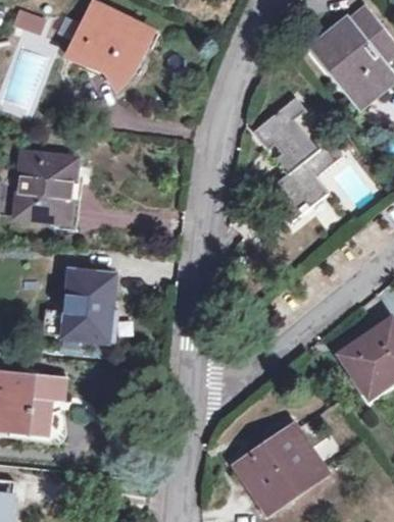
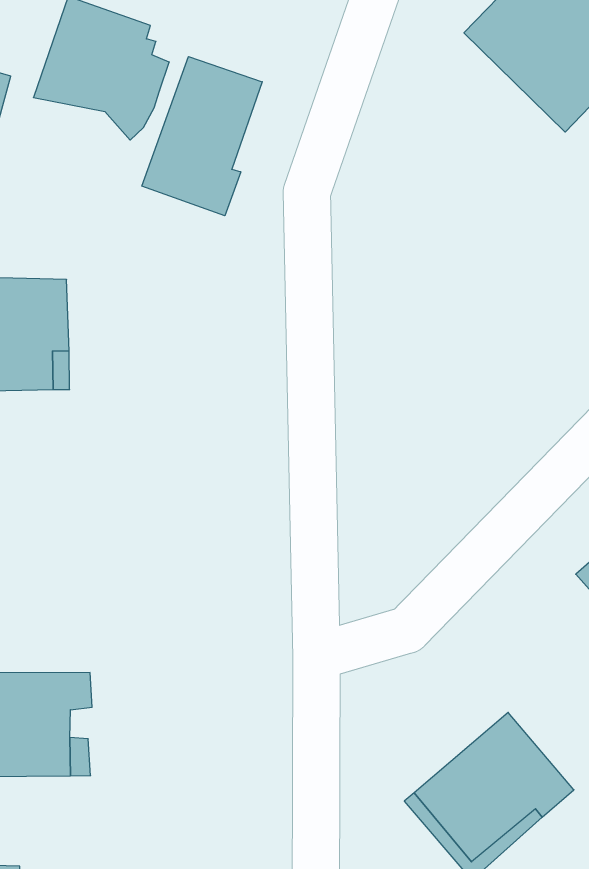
building: none -> [142,57,262,216]
building: [252,97,342,223] -> none
building: [63,268,117,342] -> none

